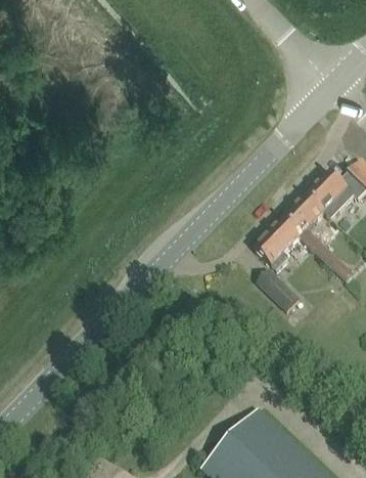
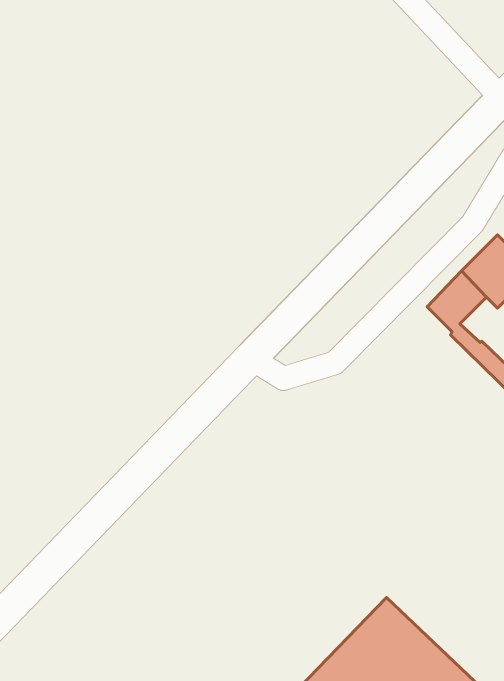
building: [255,218,302,270] -> none
building: [256,268,301,312] -> none

